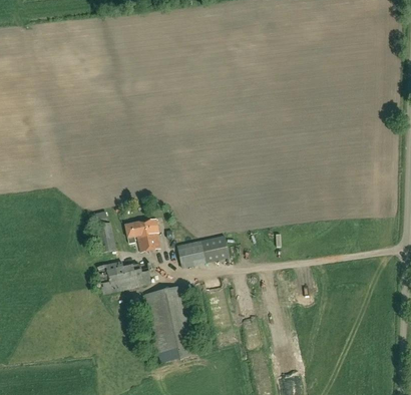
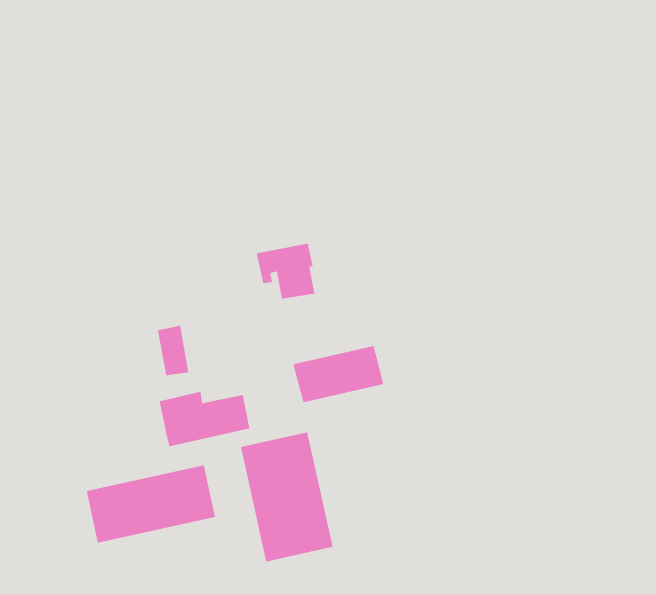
building: [124,219,159,252] -> [256,243,315,299]
building: none -> [86,464,215,543]

